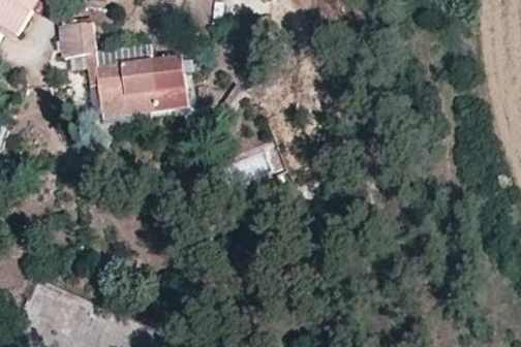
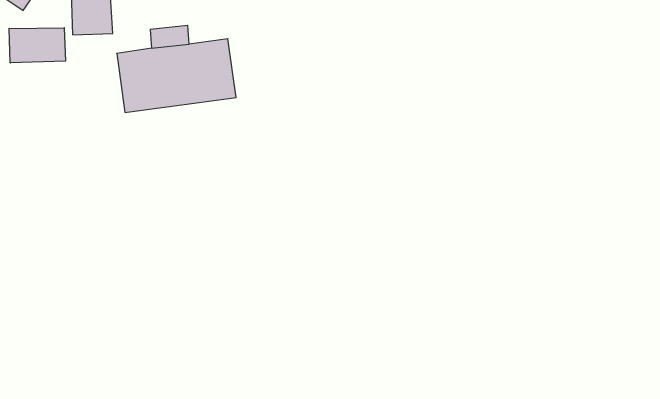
building: none -> [9,28,65,63]

